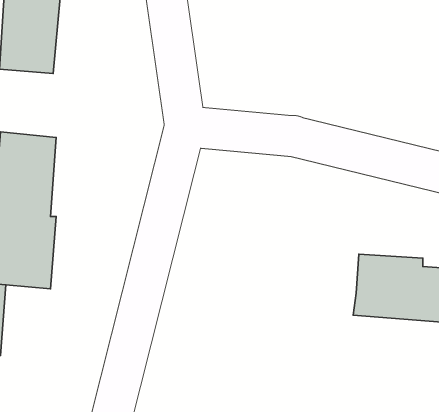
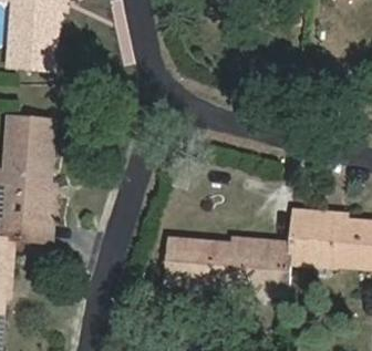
building: none -> [167,237,291,291]

